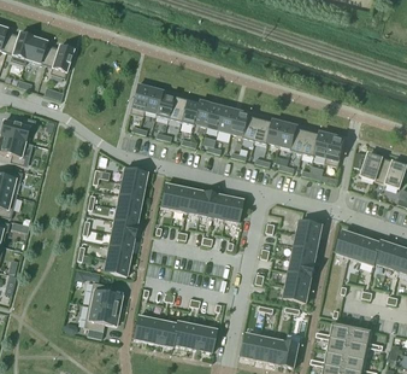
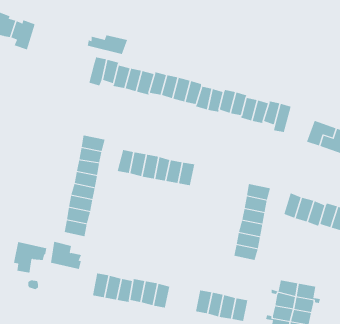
building: none -> [87,34,128,55]
building: [83,304,119,338] -> [13,241,47,273]

